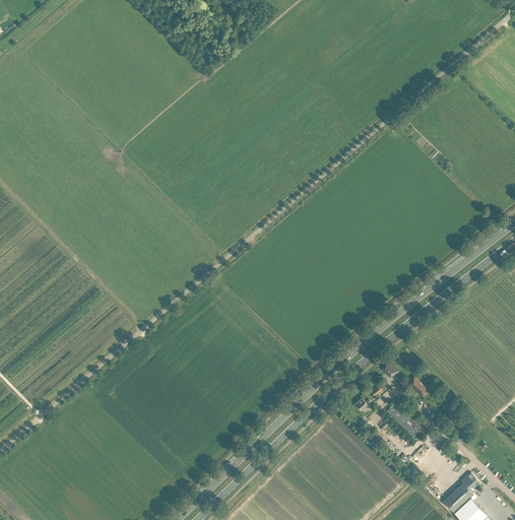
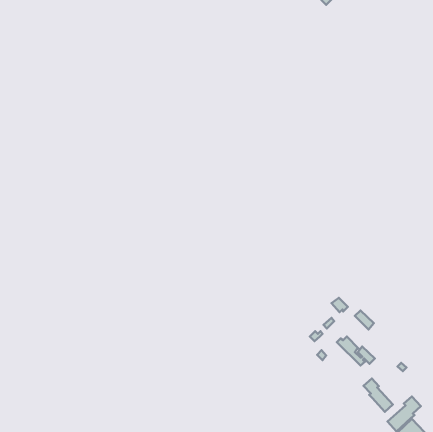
building: none -> [364,378,393,412]

